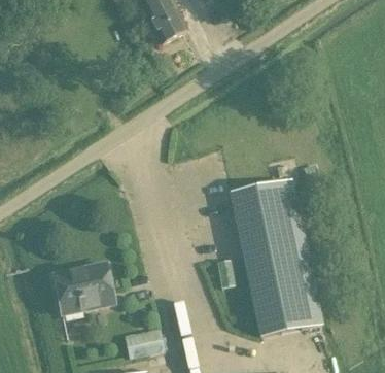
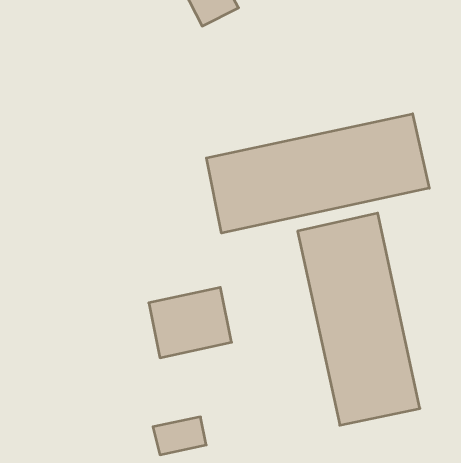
building: none -> [206,114,429,233]
building: [54,261,114,312] -> [149,287,232,358]

